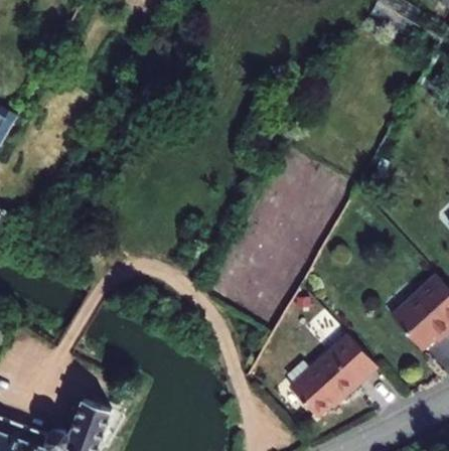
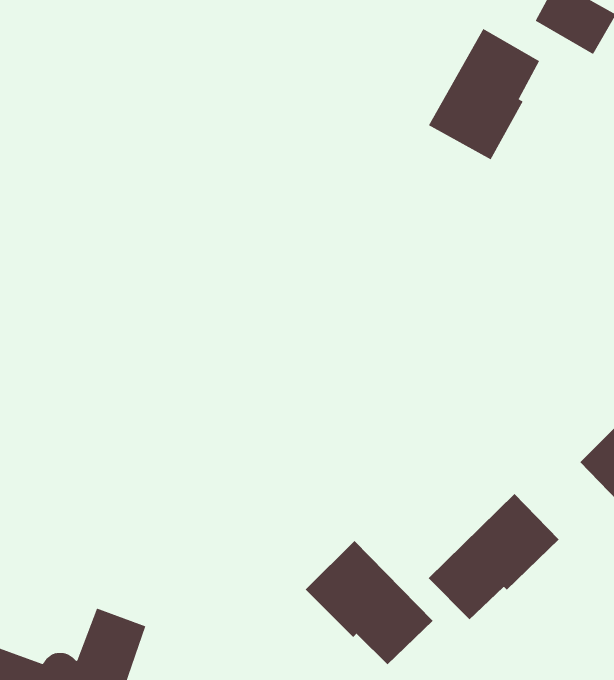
building: none -> [428,28,540,160]
building: none -> [305,540,434,665]

